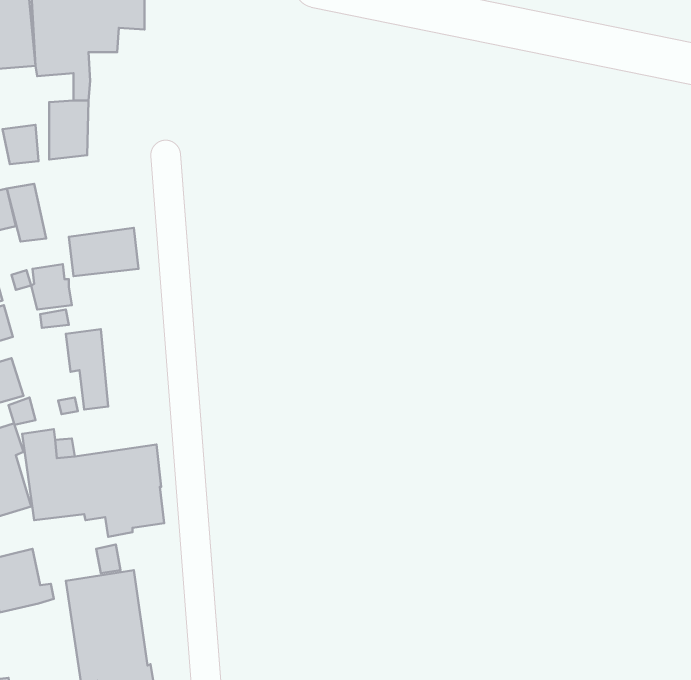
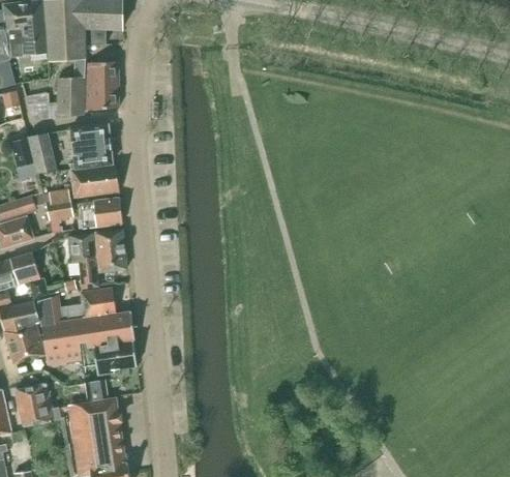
building: none -> [85,61,119,110]
building: none -> [70,123,113,169]
building: none -> [81,198,122,228]
building: none -> [95,229,126,271]
building: none -> [81,288,116,318]

